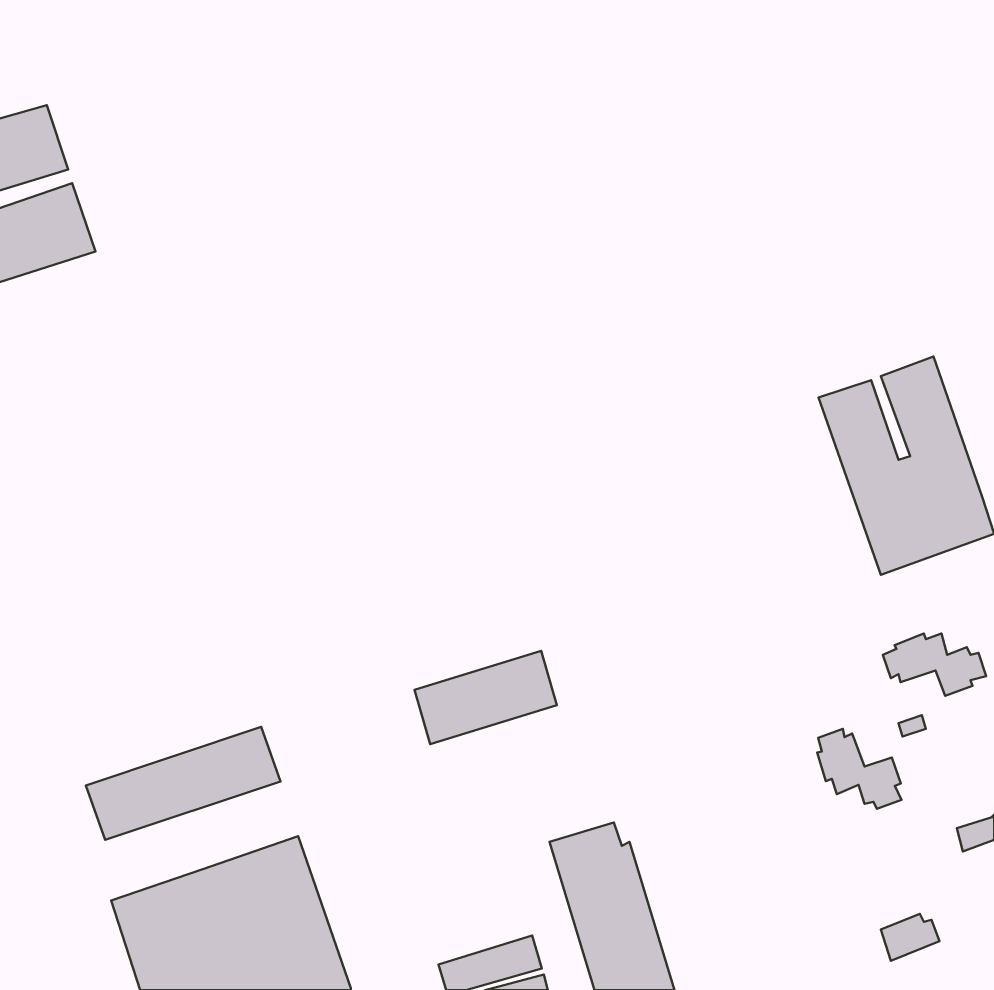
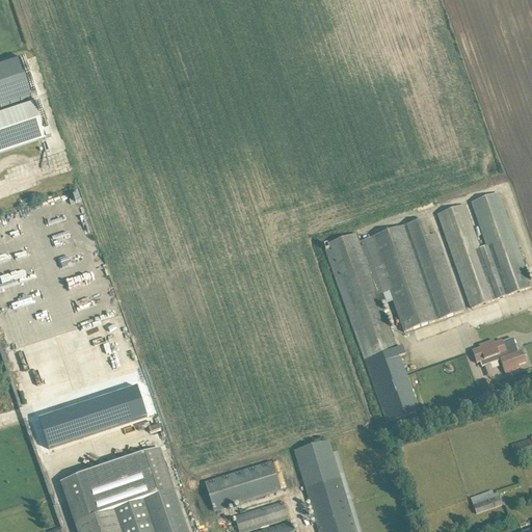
building: none -> [324,217,462,421]
building: [415,651,557,744] -> [204,459,280,509]
building: [817,729,901,809] -> none

